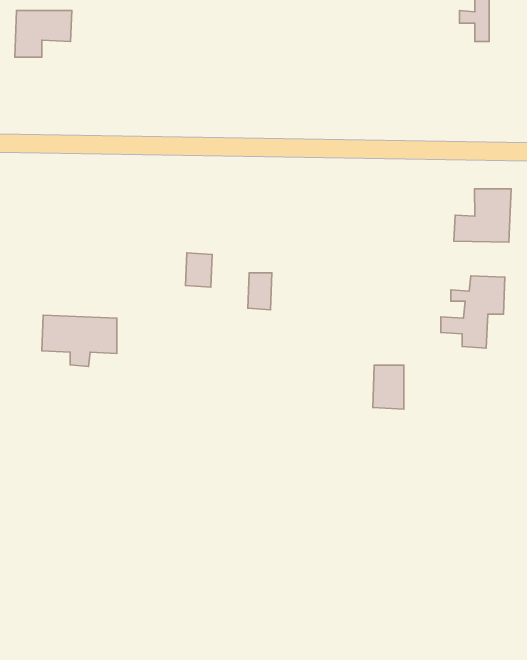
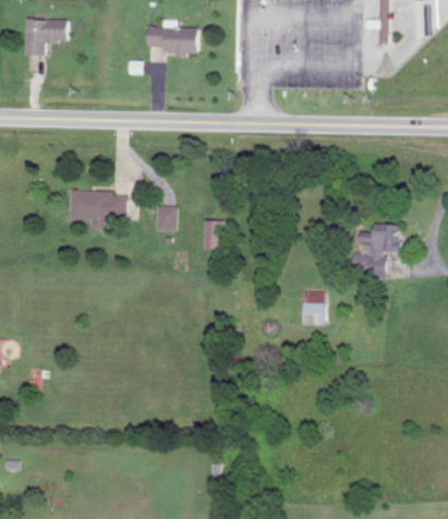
building: none -> [146,19,197,55]
building: [454,189,511,242] -> none
building: [42,315,117,366] -> [68,191,125,230]

